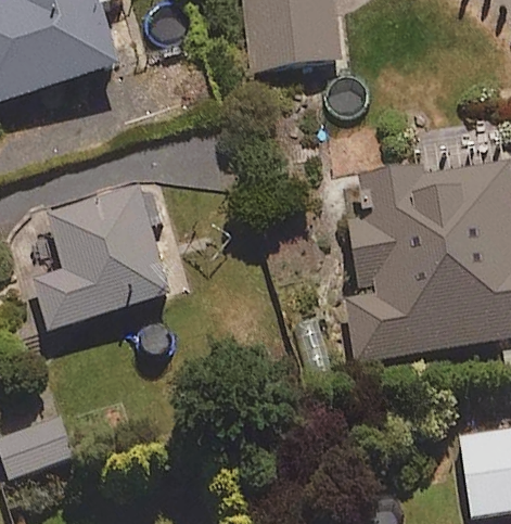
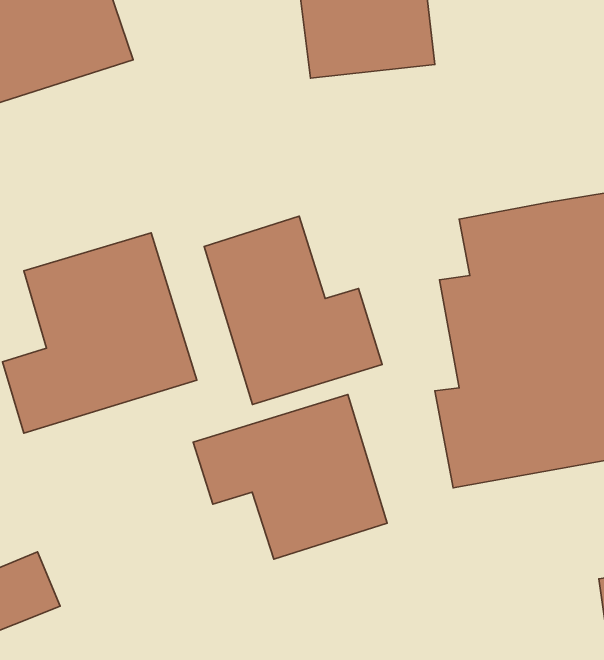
building: none -> [204,216,382,404]
building: none -> [193,394,387,559]

